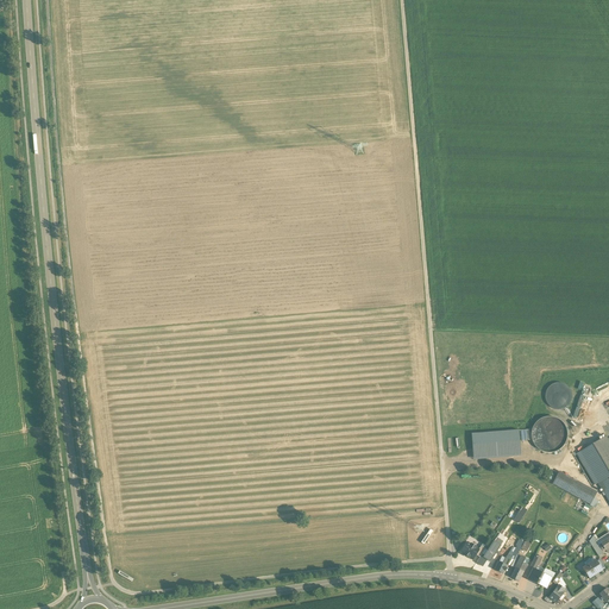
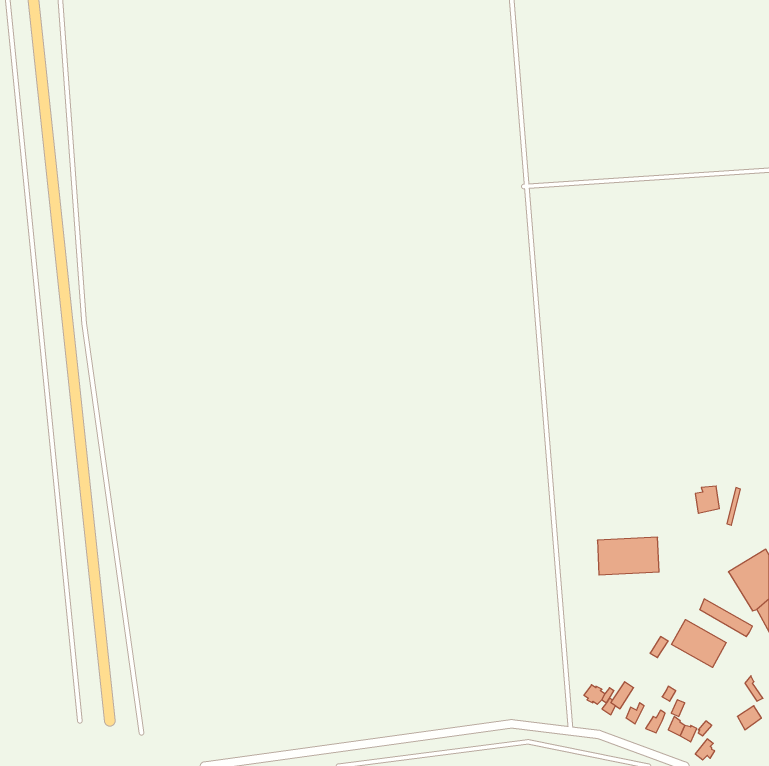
building: [532,415,567,451] -> none
building: none -> [672,620,726,667]

